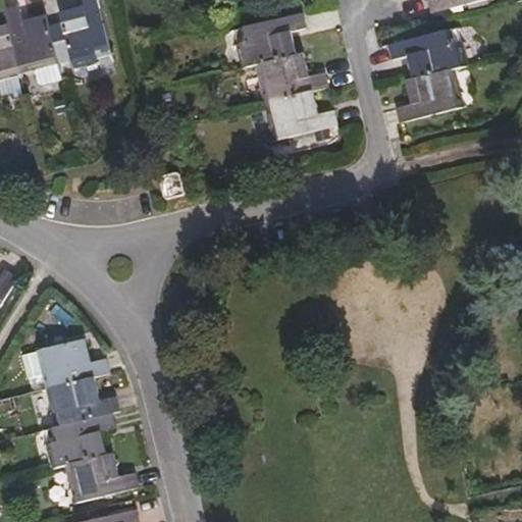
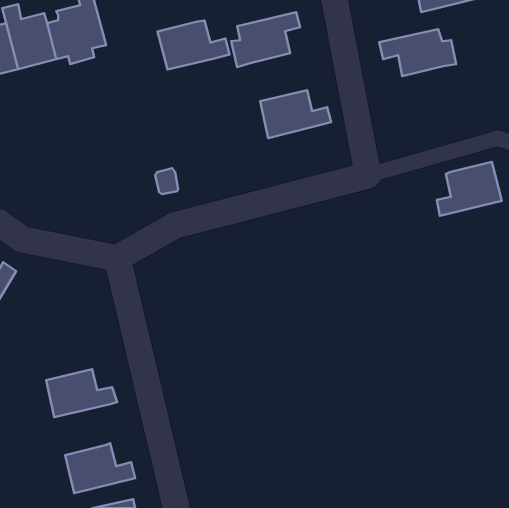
building: [255,53,328,103] -> [158,20,230,69]
building: [396,67,462,122] -> [437,162,502,216]
building: [20,337,109,387] -> none
building: [46,412,116,468] -> none

